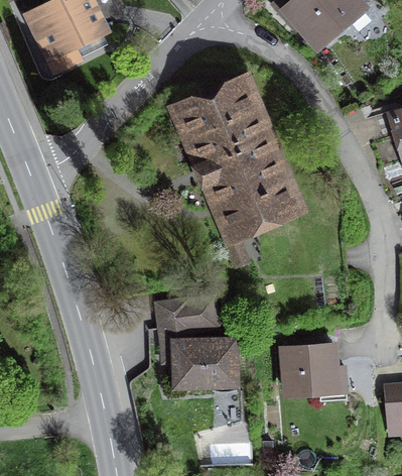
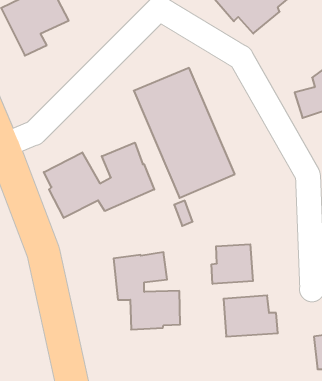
building: none -> [44,143,154,218]
building: none -> [212,244,253,284]

